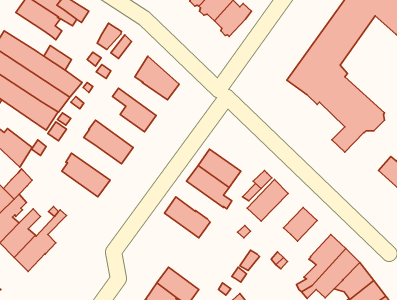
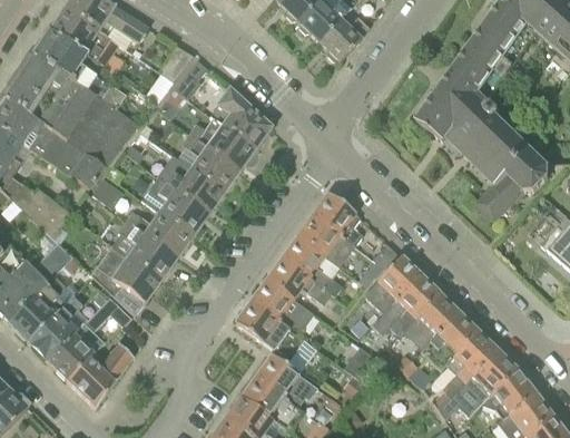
building: none -> [33,28,87,79]
building: none -> [188,120,255,167]
building: none -> [157,153,224,211]
building: none -> [312,192,361,243]
building: none -> [125,208,193,255]
building: none -> [90,243,160,314]
building: none -> [266,256,331,302]
building: none -> [371,273,439,333]
building: none -> [235,300,304,359]
building: none -> [421,310,476,368]
building: none -> [66,342,132,407]
building: none -> [256,352,306,403]

